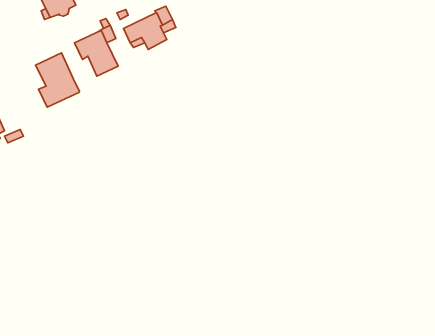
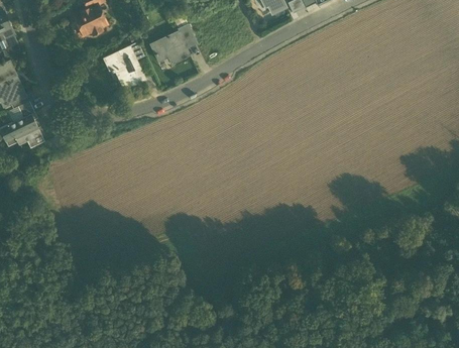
building: [36,53,80,107] -> none

